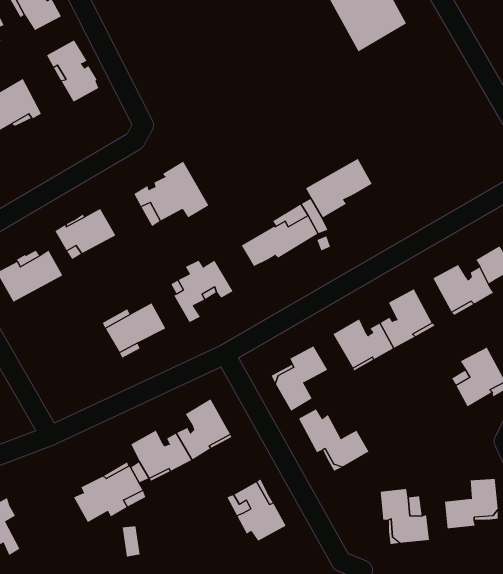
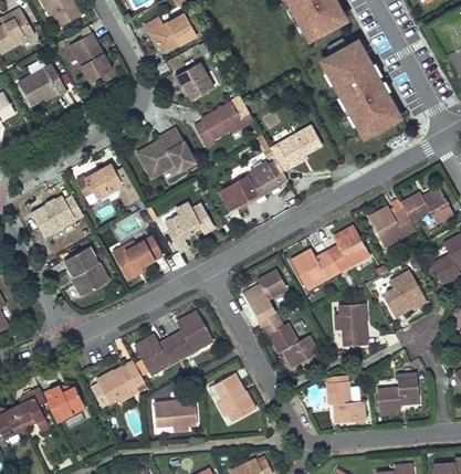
building: none -> [144,13,195,51]
building: none -> [319,40,404,140]
building: none -> [175,62,212,98]
building: none -> [193,96,252,141]
building: none -> [63,246,108,296]
building: none -> [334,303,365,346]
building: none -> [41,385,84,418]
building: none -> [153,398,197,431]

